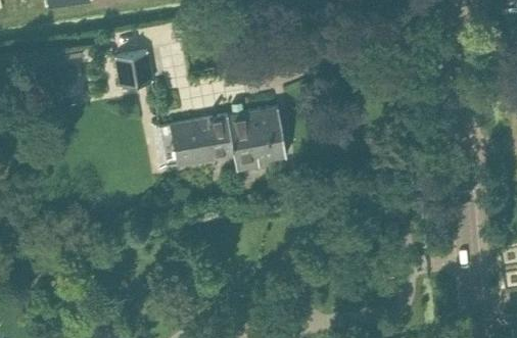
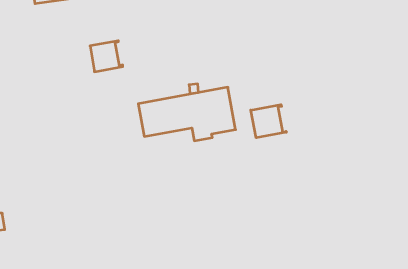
building: none -> [251,105,286,138]

